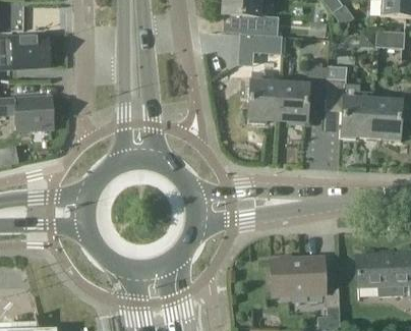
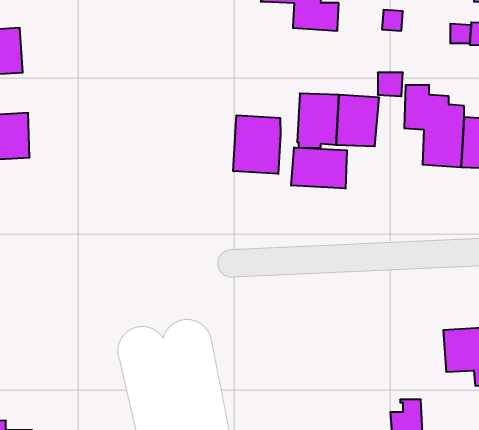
building: [240,35,282,53] -> none
building: none -> [233,115,280,174]
building: none -> [291,147,347,189]
building: [270,257,325,296] -> none

